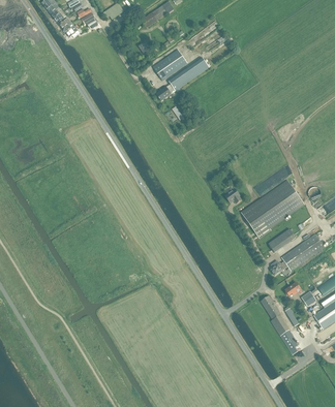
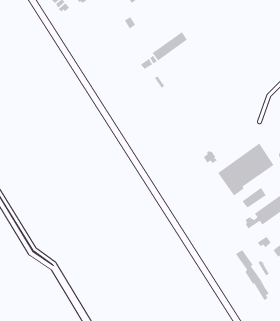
building: [153,50,187,80] -> none

